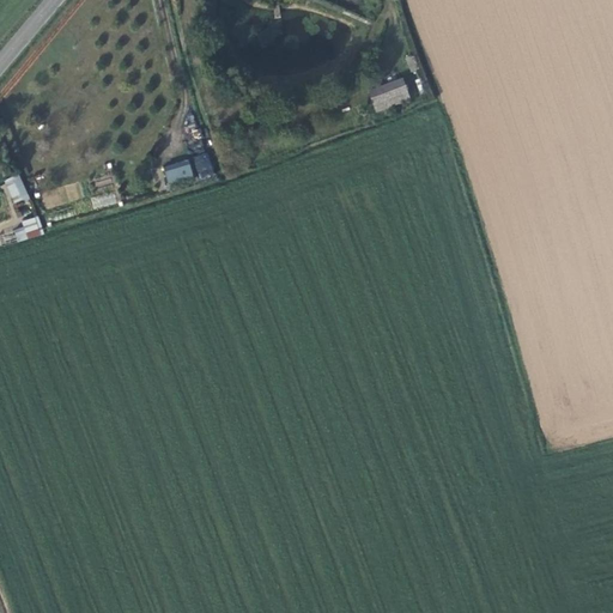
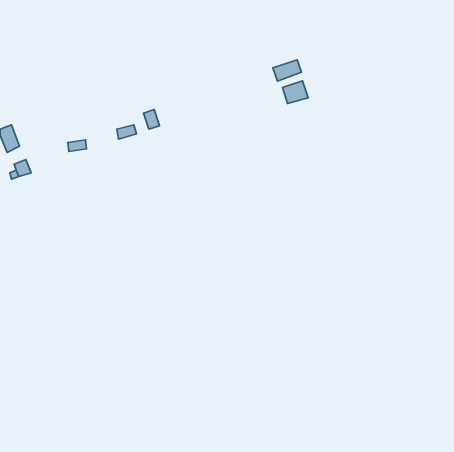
building: none -> [282,81,308,104]

